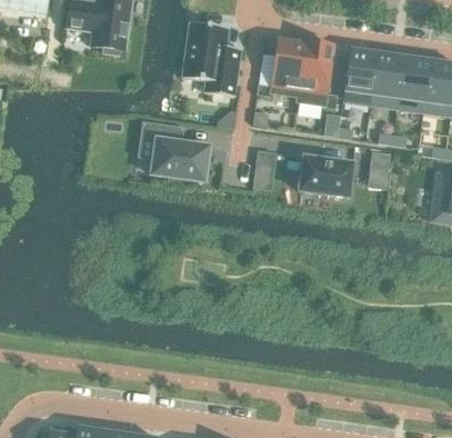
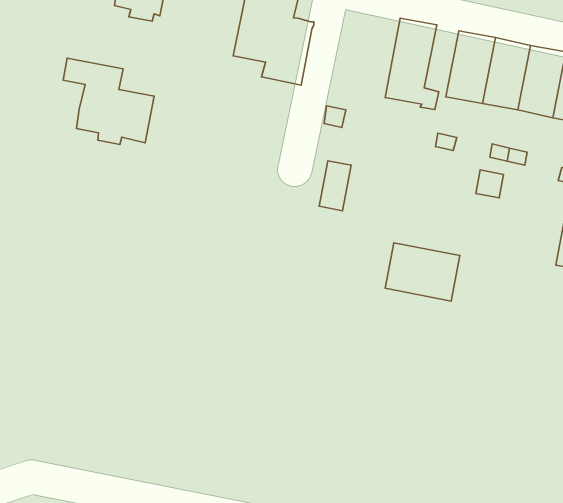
building: [257,39,305,101] -> none
building: [140,121,209,183] -> [63,58,154,144]
building: [299,158,353,199] -> [385,243,460,301]

